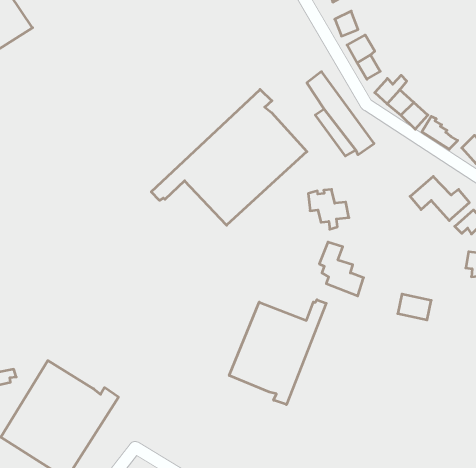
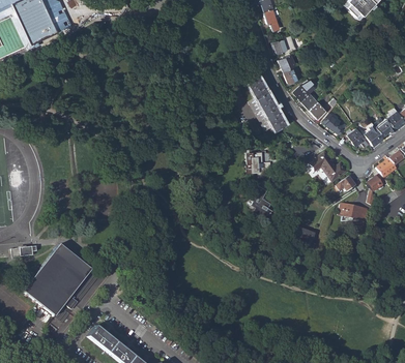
building: [151,89,307,225] -> none
building: [229,300,326,405] -> none

